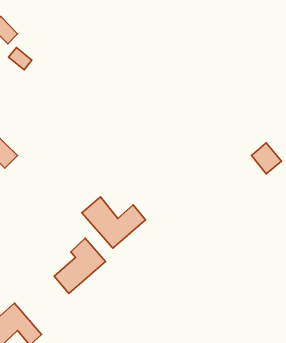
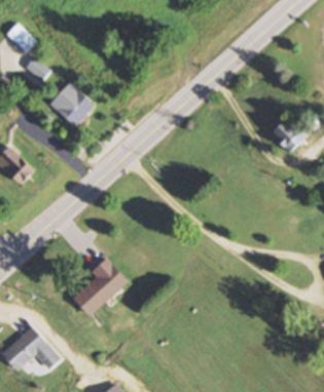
building: none -> [50,81,96,125]
building: [252,143,282,174] -> [273,119,304,152]
building: [82,197,145,248] -> none

